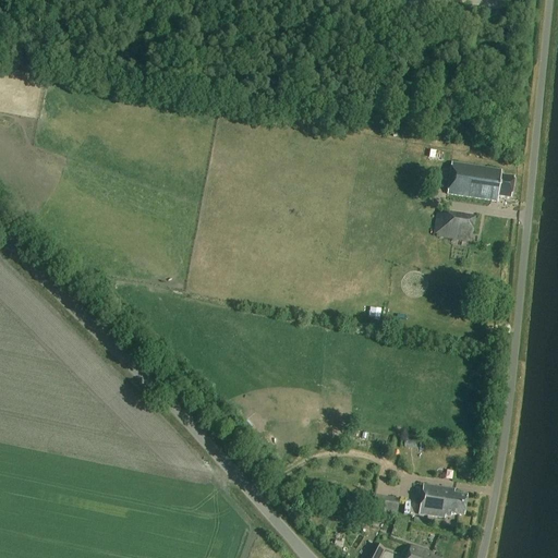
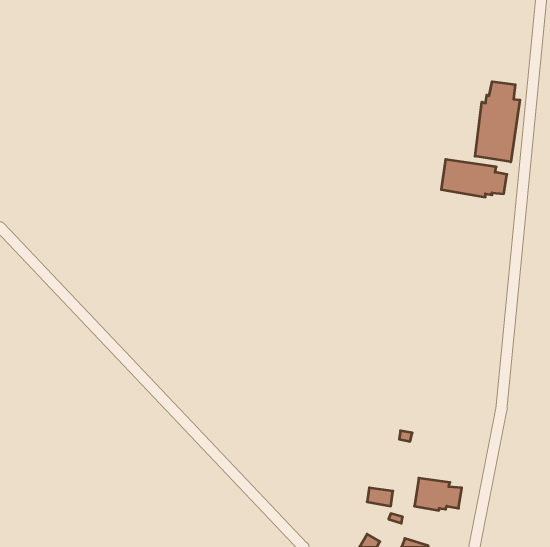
building: none -> [475,82,520,162]
building: [433,211,474,240] -> none

